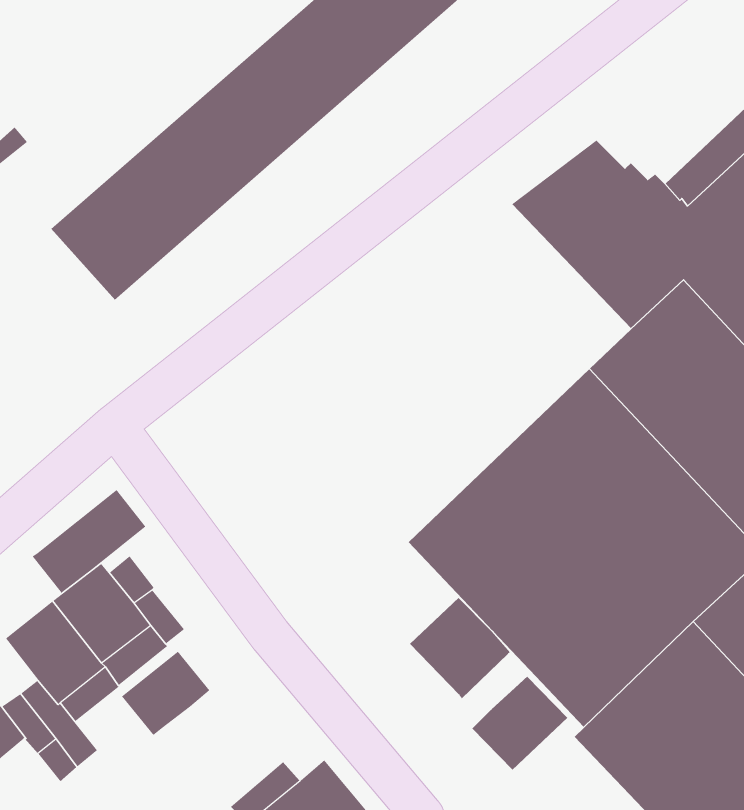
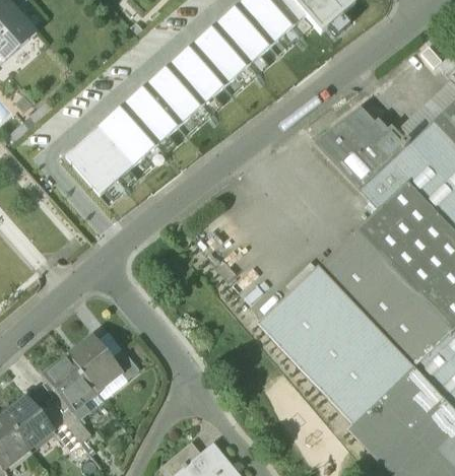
building: [32,489,146,594] -> none
building: [409,597,511,699] -> none
building: [121,651,210,736] -> none
building: [472,676,568,771] -> none

